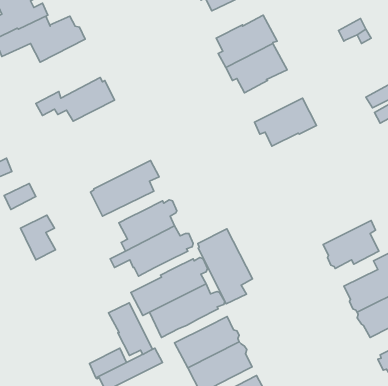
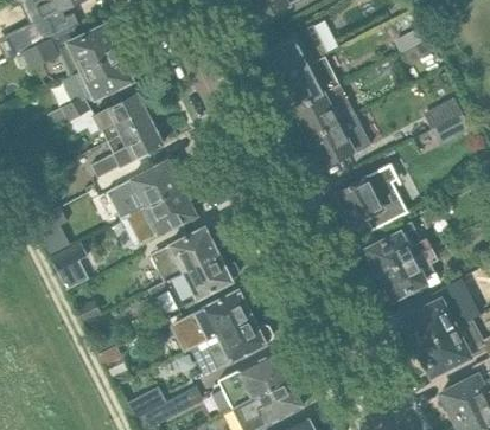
building: none -> [61,51,132,121]
building: none -> [294,84,357,141]
building: none -> [91,117,164,177]
building: none -> [100,160,192,213]
building: none -> [337,163,409,230]
building: none -> [367,222,432,274]
building: [198,229,252,304] -> none
building: [108,303,153,356] -> none

